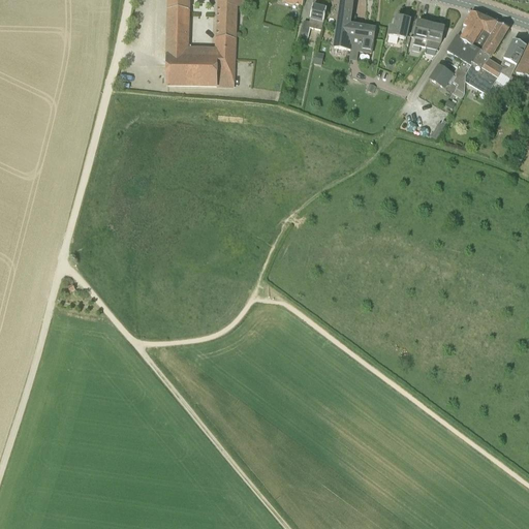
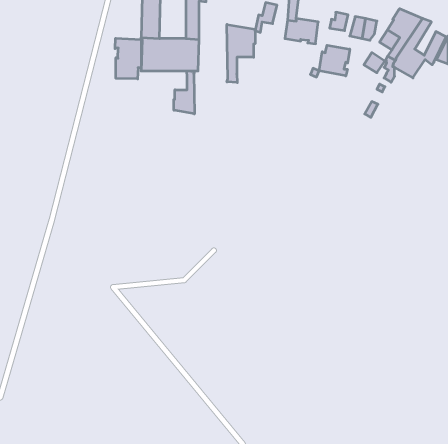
building: none -> [227,24,255,83]
building: none -> [115,38,141,79]
building: none -> [319,45,350,76]
building: none -> [174,71,194,114]

